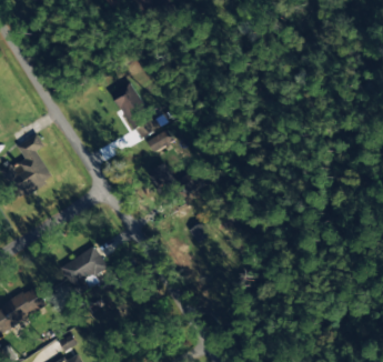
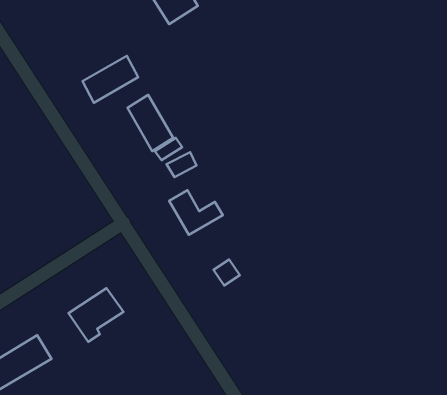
building: none -> [83,56,138,103]
building: [9,134,52,195] -> none

